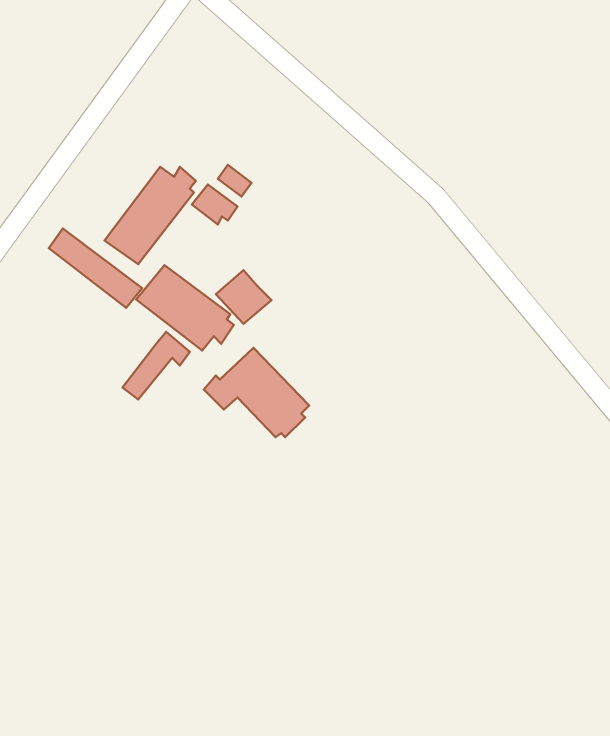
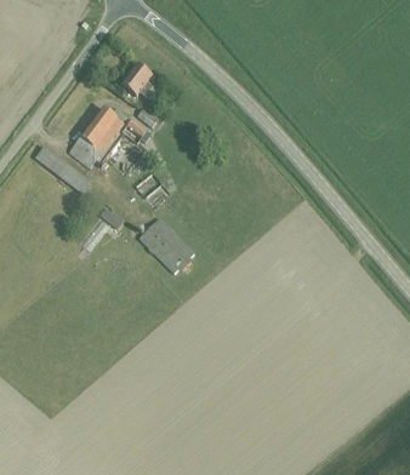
building: none -> [120,63,156,99]
building: [136,265,234,351] -> none

